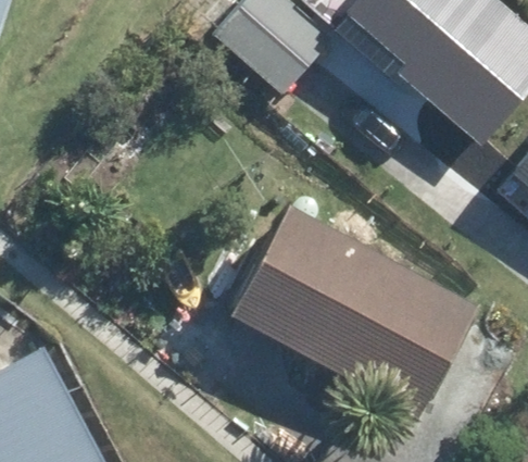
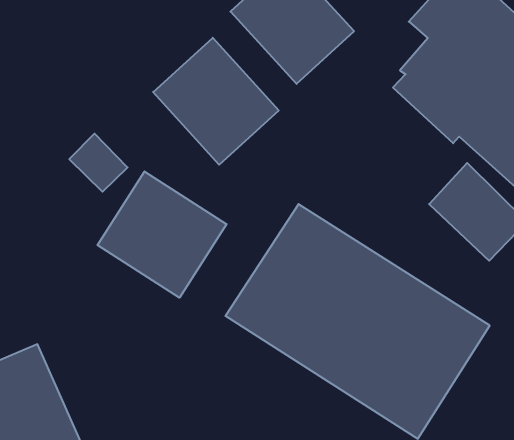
building: none -> [153,38,279,165]
building: none -> [98,171,227,298]

